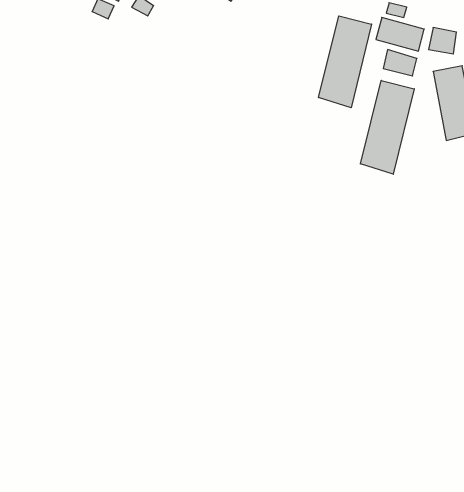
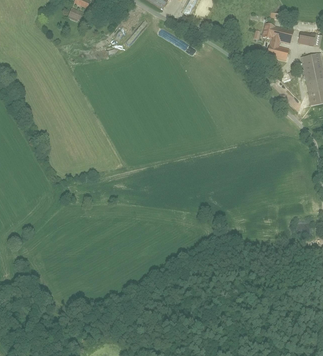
building: [319,16,372,108] -> none
building: [360,80,414,174] -> none

